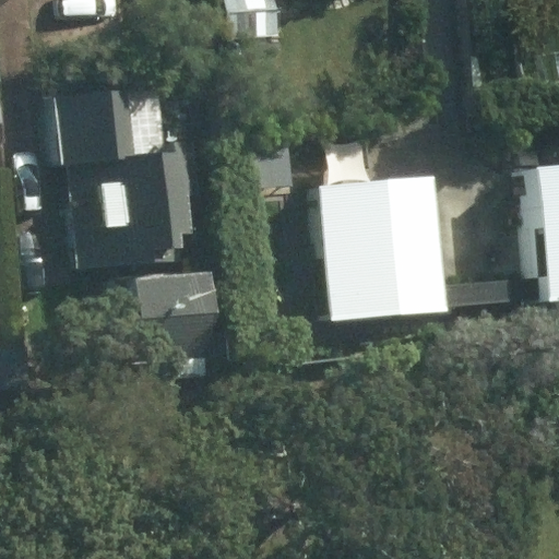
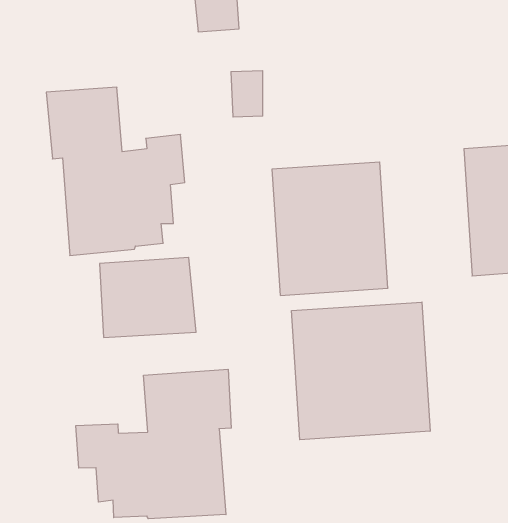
building: none -> [292,302,430,440]
building: none -> [76,369,231,519]

